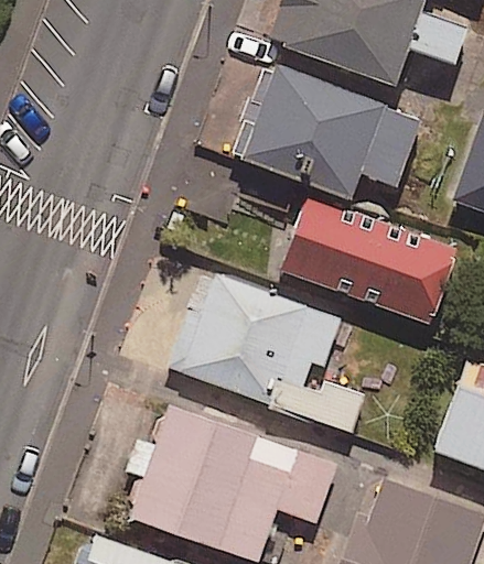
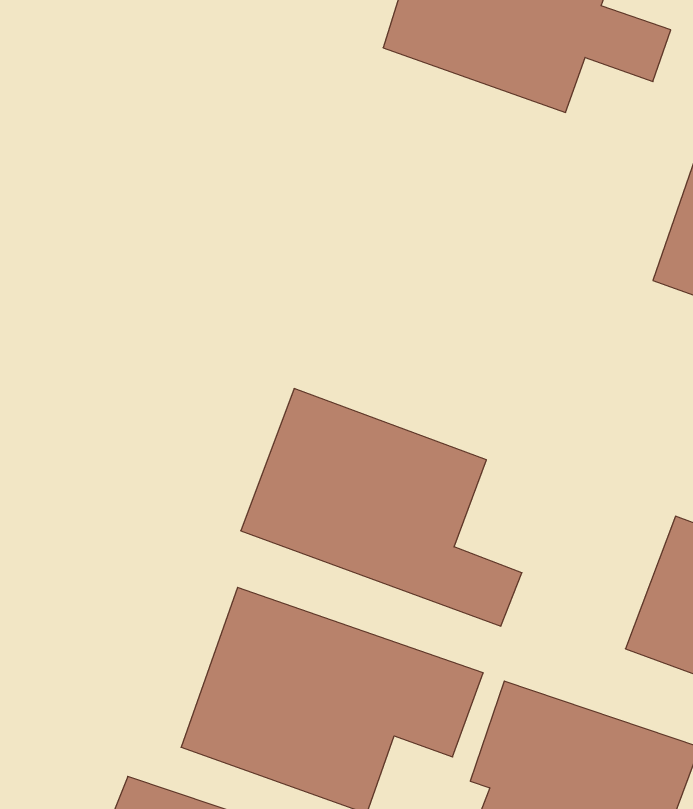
building: [244,67,420,197] -> none
building: [281,198,454,322] -> none

